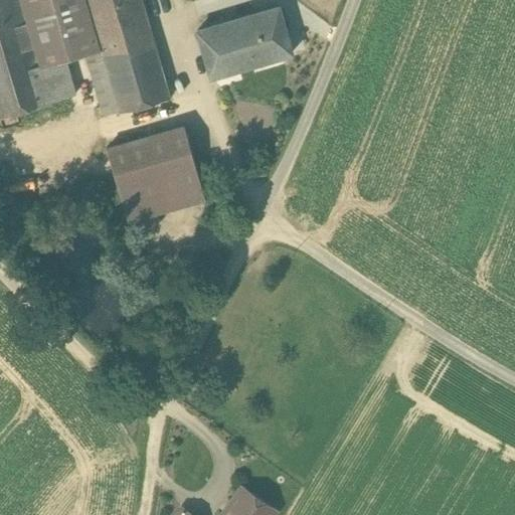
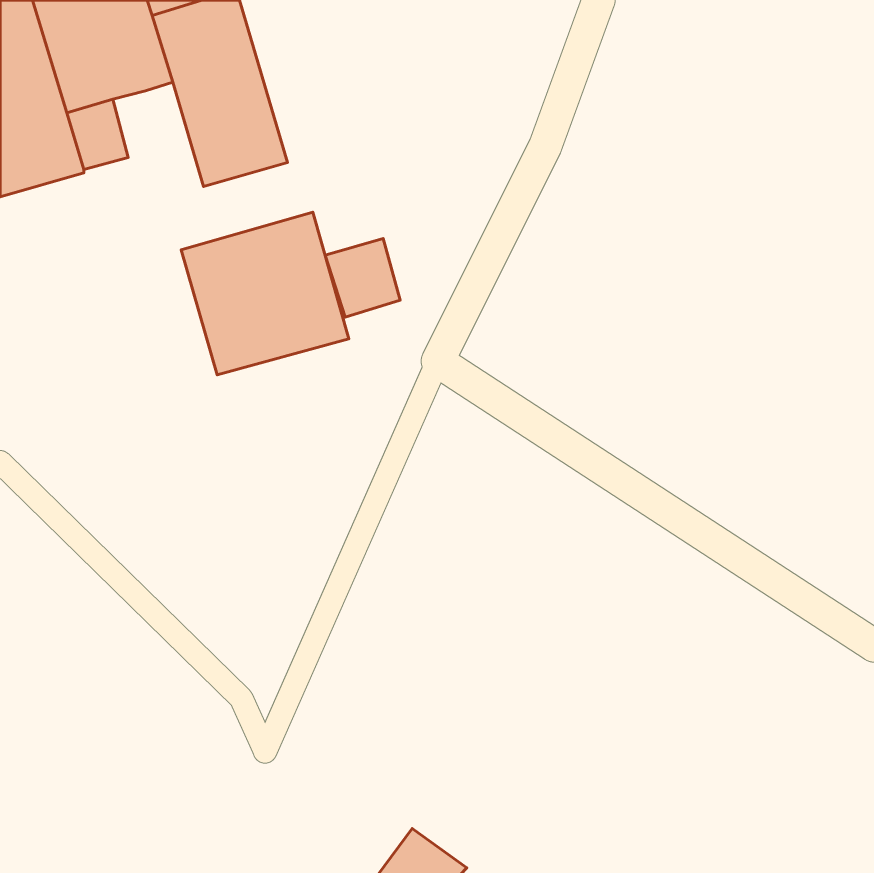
building: [197,7,292,76] -> none
building: [85,49,120,116] -> none
building: none -> [325,239,400,317]

